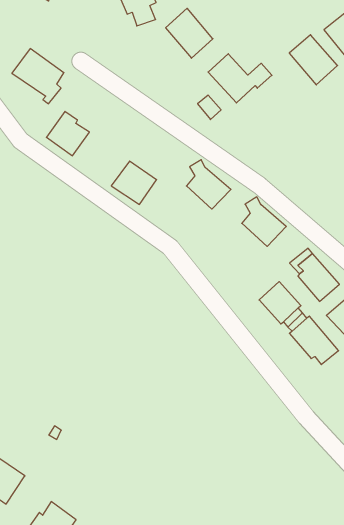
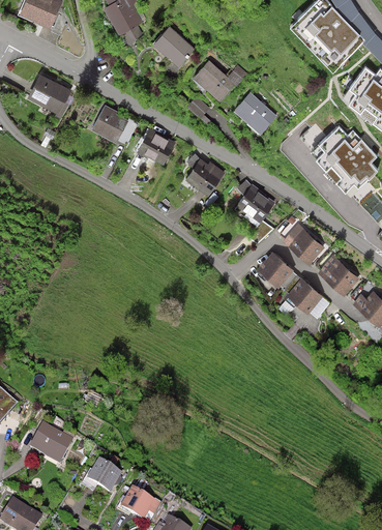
building: [289,35,338,85] -> [234,91,276,134]
building: [46,111,89,156] -> [92,104,128,141]
building: [111,161,157,204] -> [137,127,175,164]

